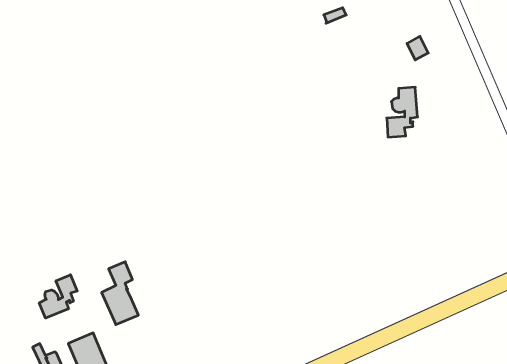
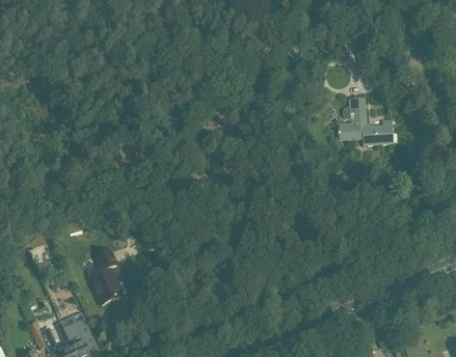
building: none -> [355,120,394,145]
building: [39,275,77,318] -> none

